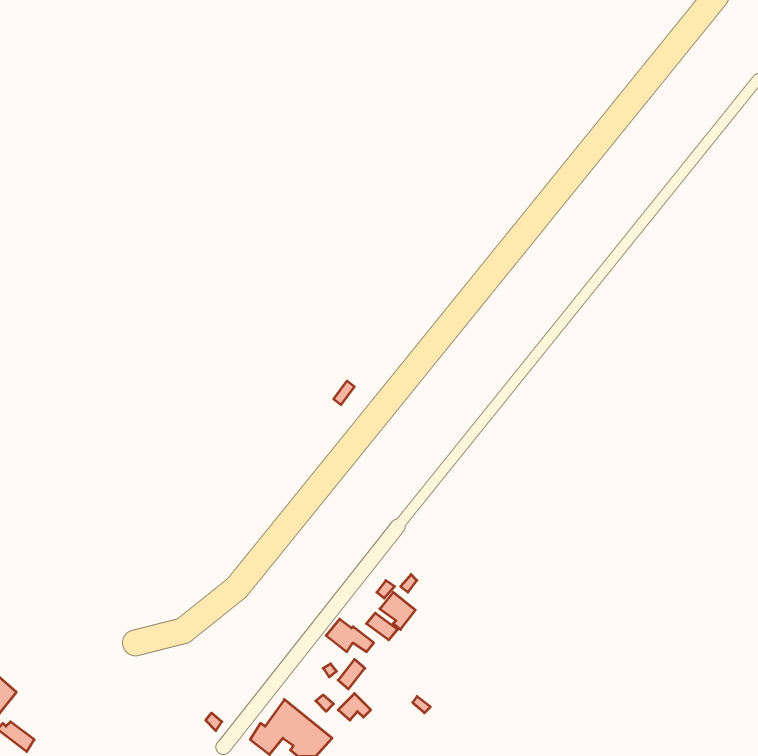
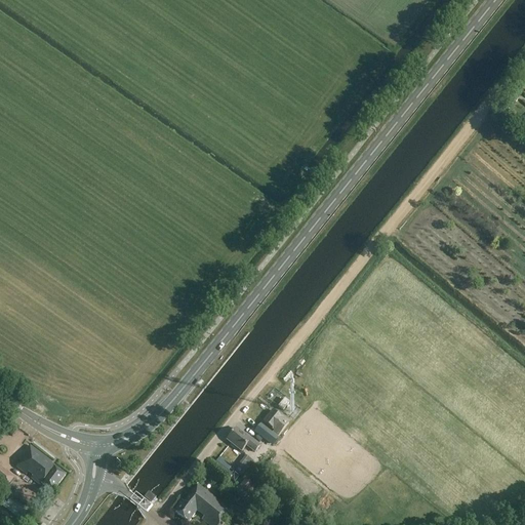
building: none -> [14,443,64,490]

